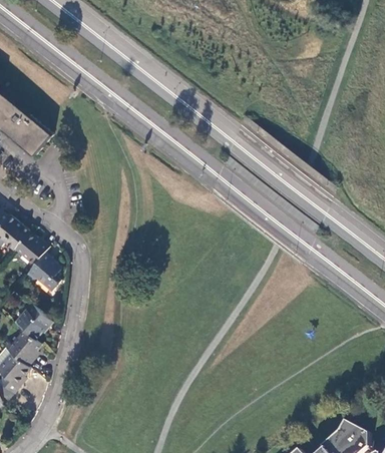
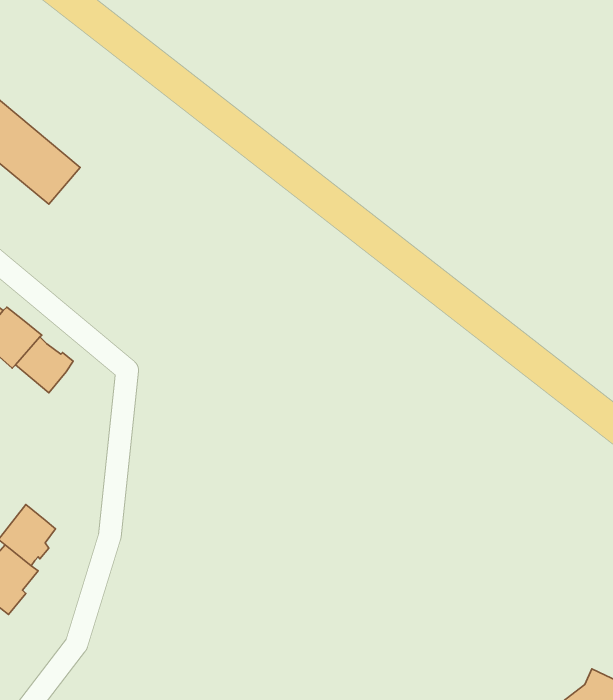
building: [24,253,61,291] -> none
building: [11,303,49,338] -> none

